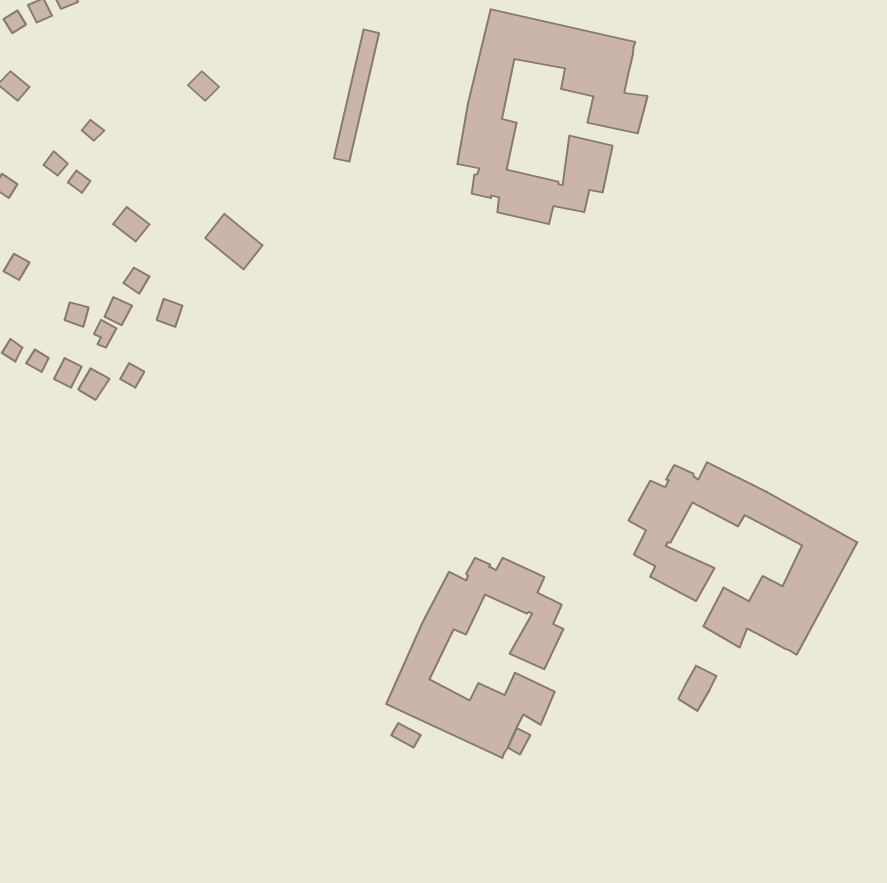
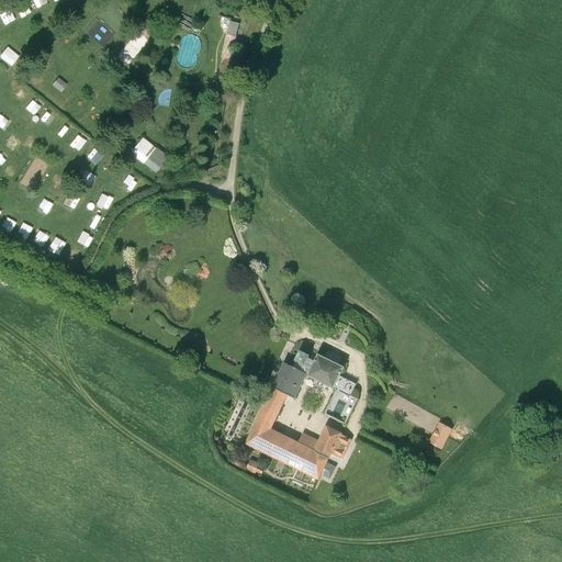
building: [457,9,647,224] -> none
building: [629,462,857,655] -> none

